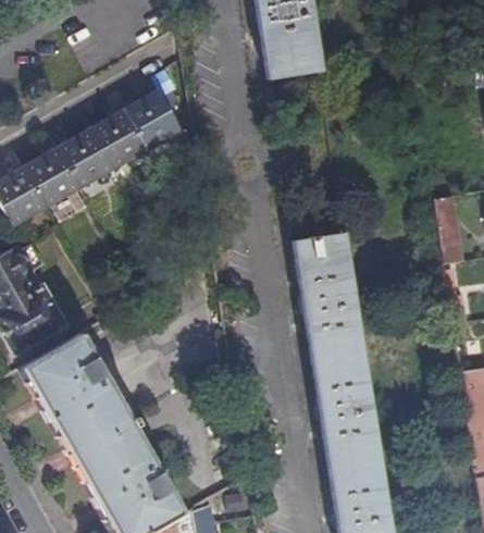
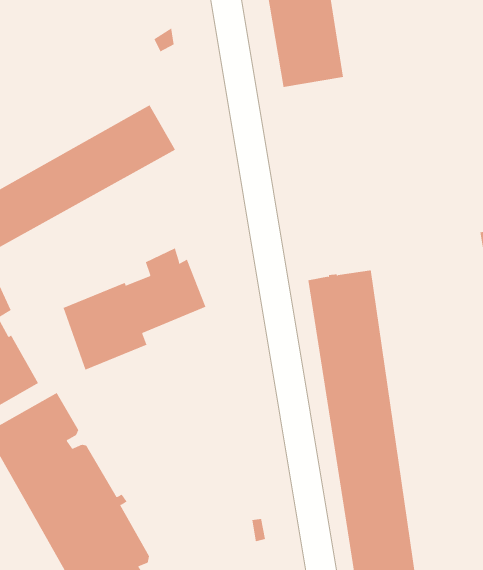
building: none -> [63,248,206,370]

